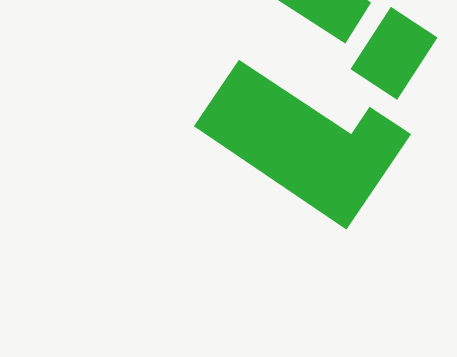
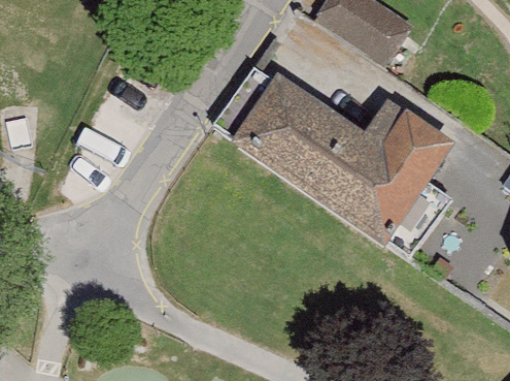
building: [350,6,438,101] -> none

